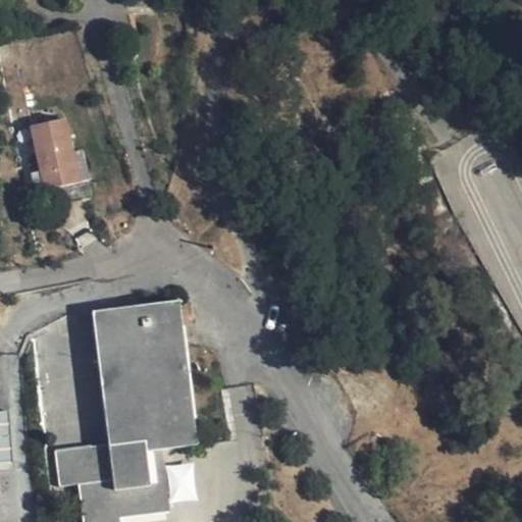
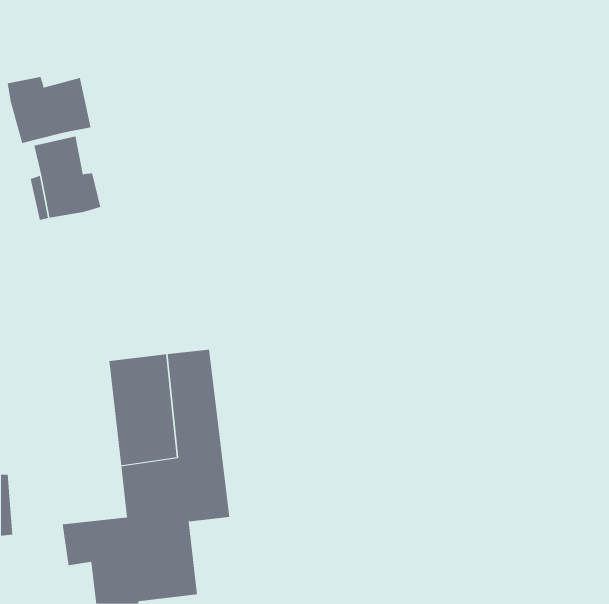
building: none -> [7,76,91,144]

